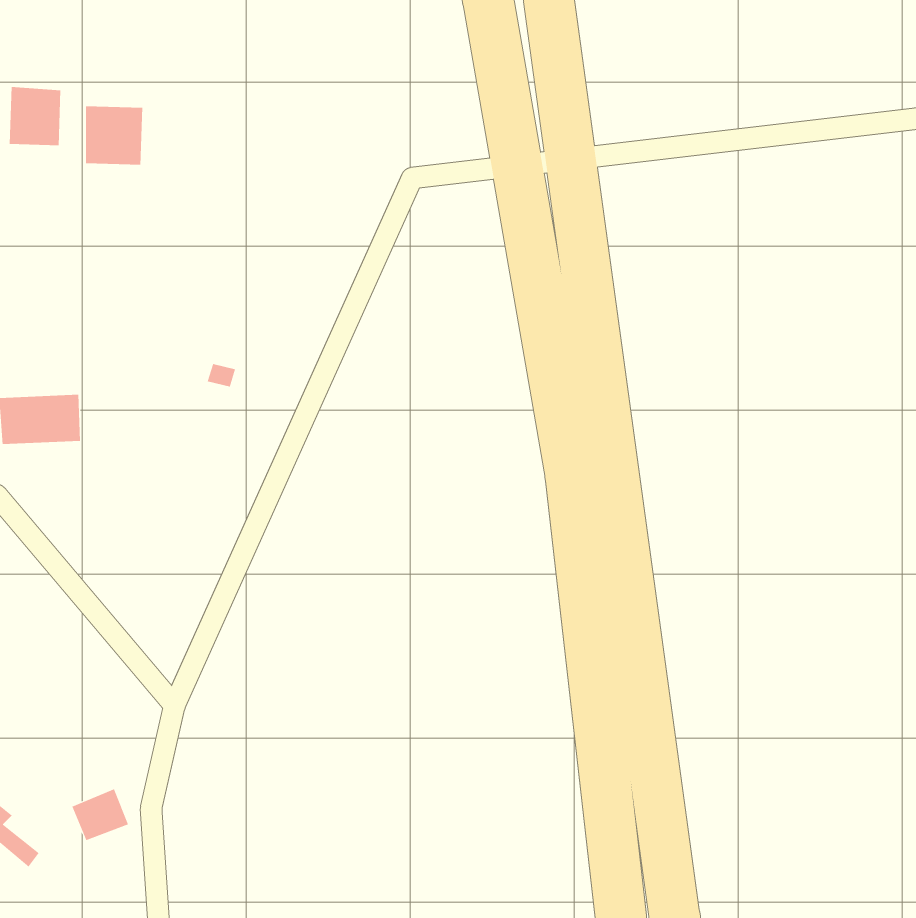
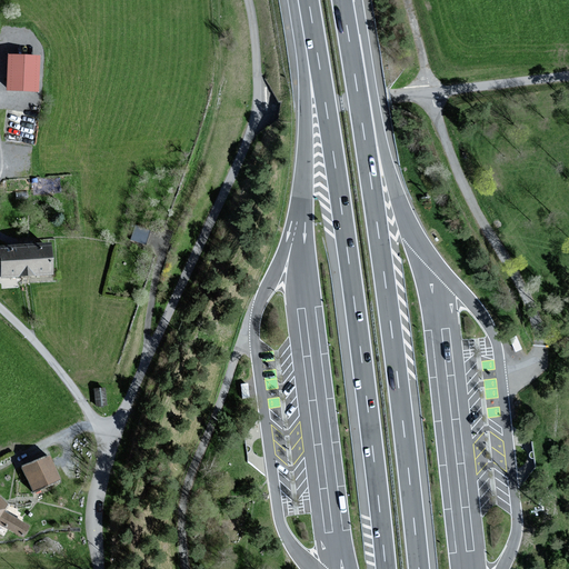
building: [86,105,143,165] -> none
building: [71,788,129,841] -> [22,457,58,489]

